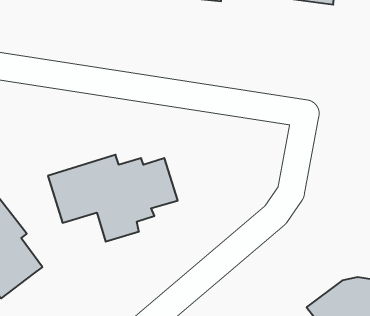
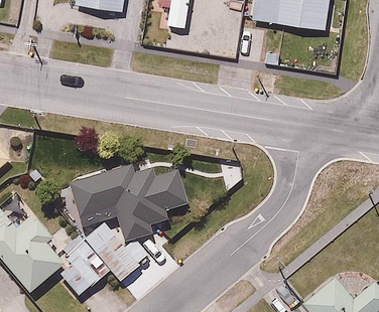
building: none -> [55,223,150,297]

